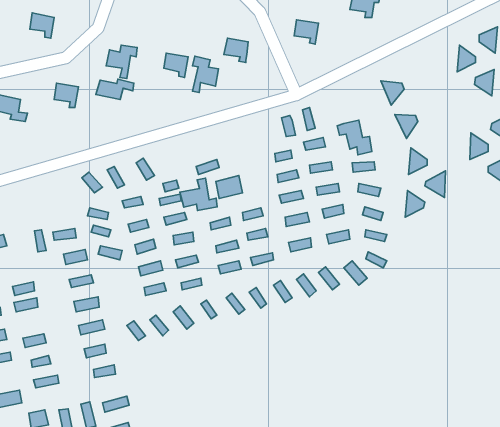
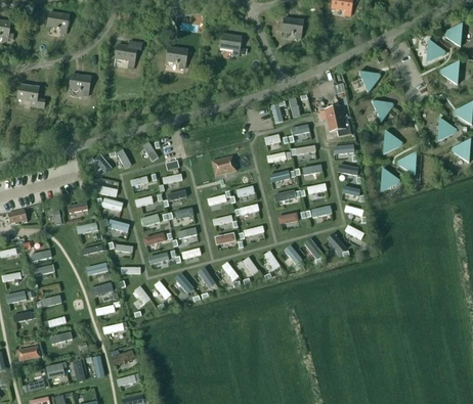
building: [193,56,219,93] -> none
building: [96,79,134,100] -> none
building: [180,178,217,211] -> none

